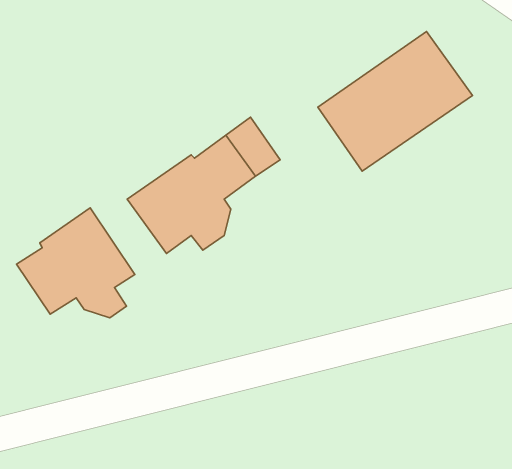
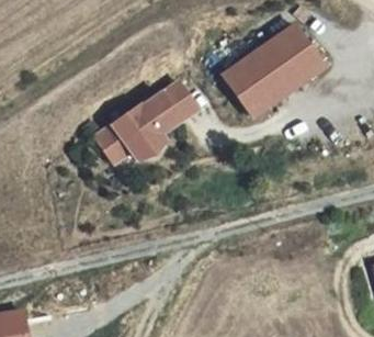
building: [16,208,135,318] -> none

